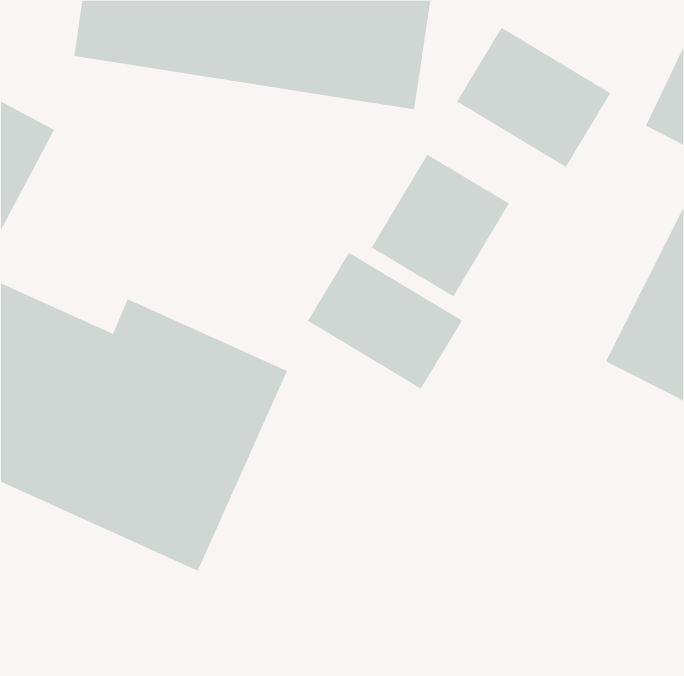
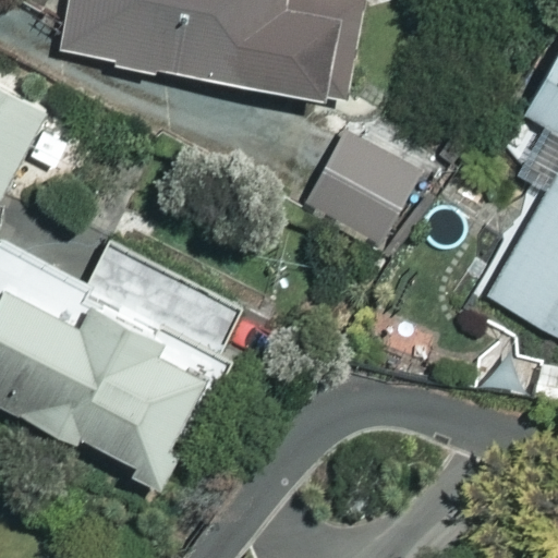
building: [456,27,611,168] -> none
building: [307,252,463,389] -> none

